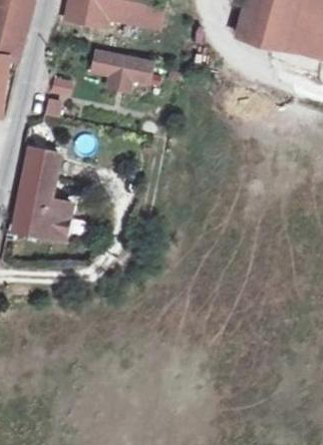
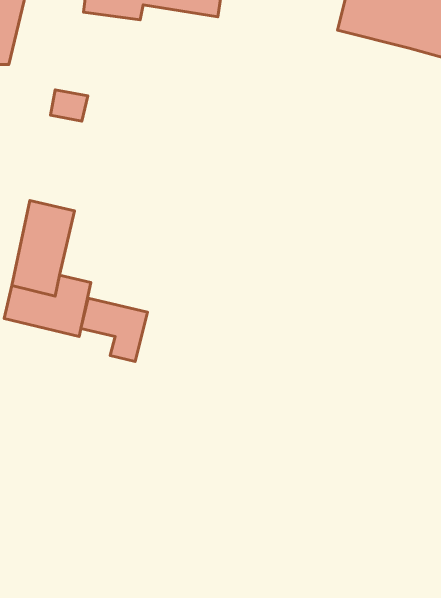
building: [92,53,150,84] -> none
building: none -> [81,298,148,362]

